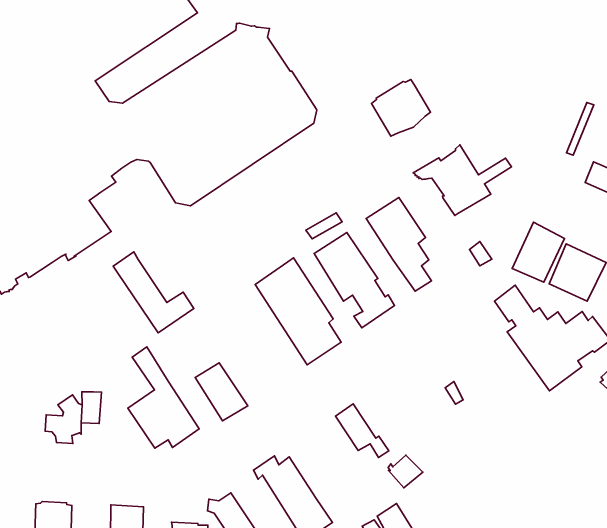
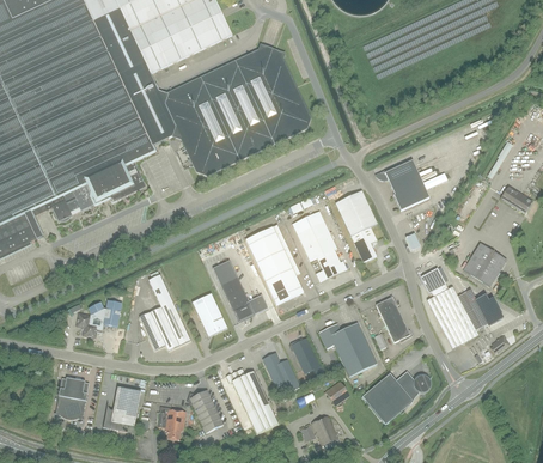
building: [371,80,430,136] -> none
building: [512,222,565,282] -> none
building: [113,252,194,333] -> [213,258,268,321]
building: none -> [377,293,413,341]
building: none -> [319,321,378,376]
building: none -> [362,370,431,424]
building: none -> [263,352,300,390]

